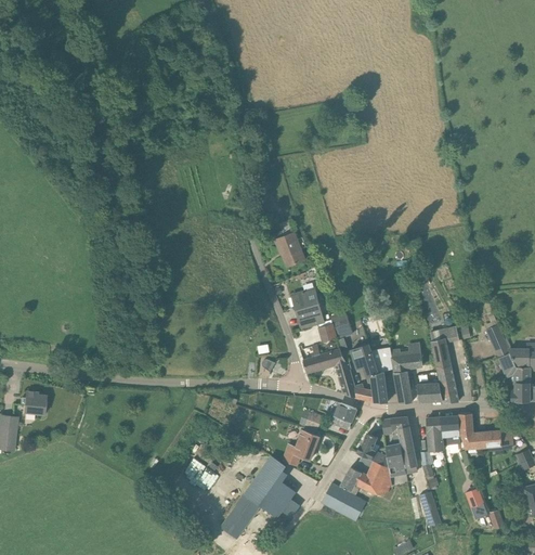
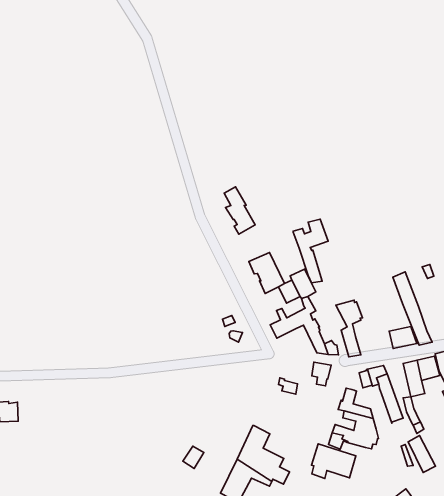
building: [391,341,423,402] -> [293,219,328,283]
building: [351,343,378,376] -> none
building: [283,429,318,465] -> none
building: [386,443,406,477] -> none

